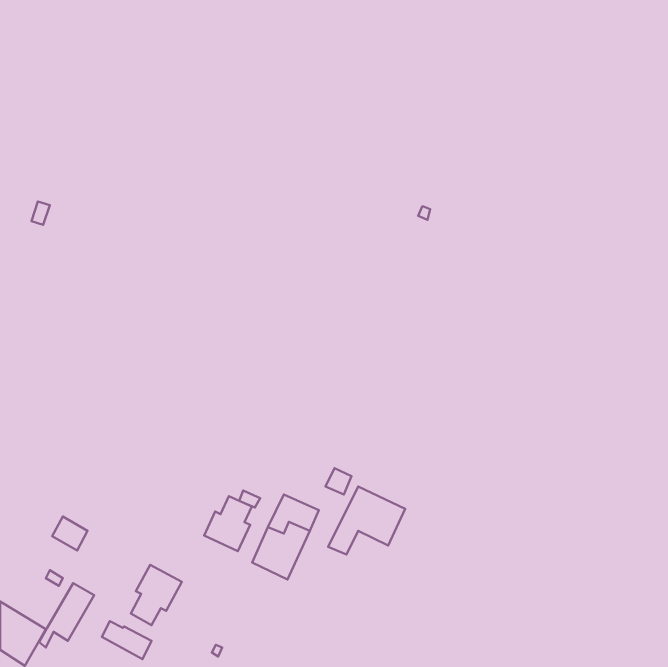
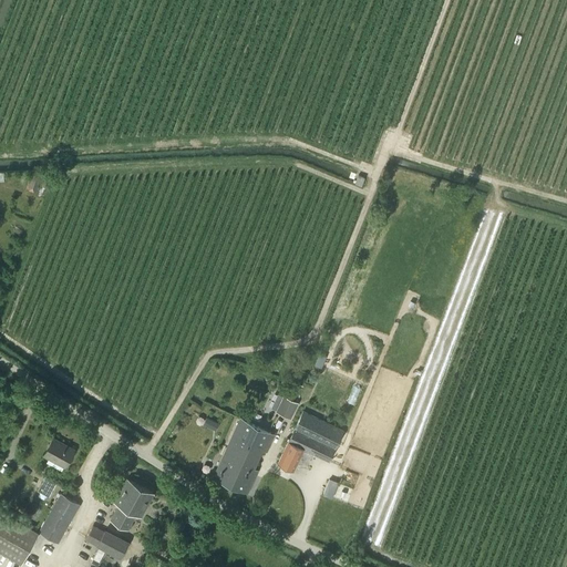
building: [204,496,252,551] -> none

